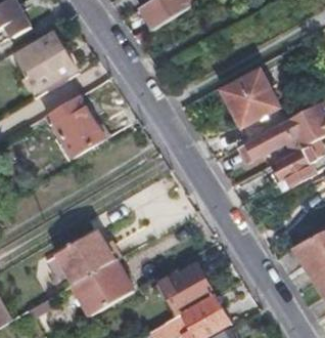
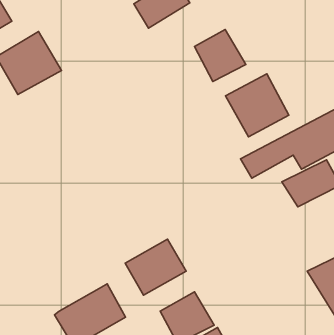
building: none -> [195,30,246,81]
building: [48,96,104,157] -> none
building: [56,233,110,283] -> [125,239,186,295]

